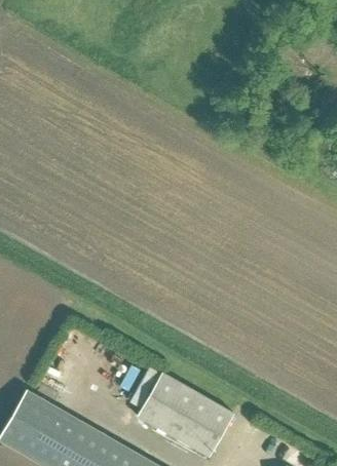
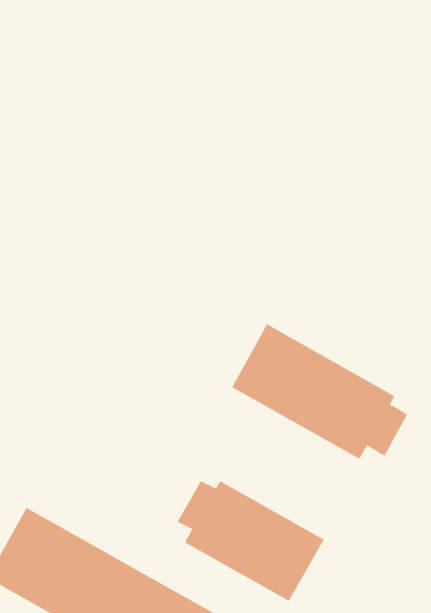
building: none -> [231,324,408,460]

